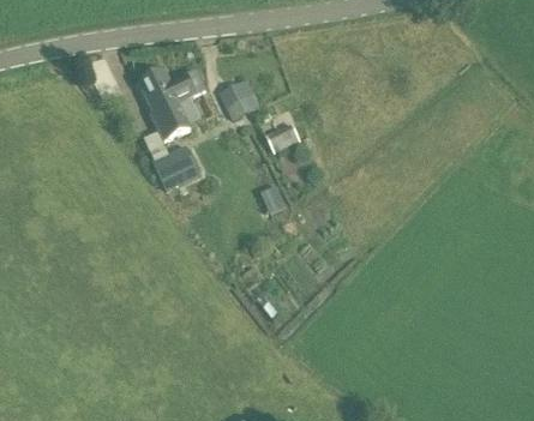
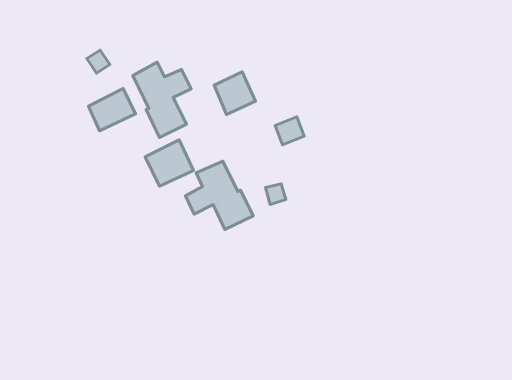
building: none -> [88,88,135,131]
building: none -> [186,161,253,229]

